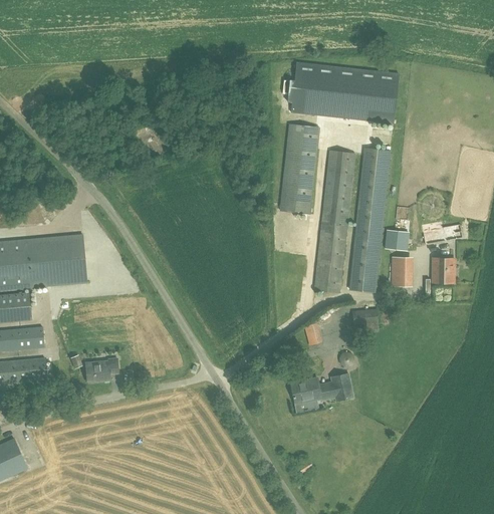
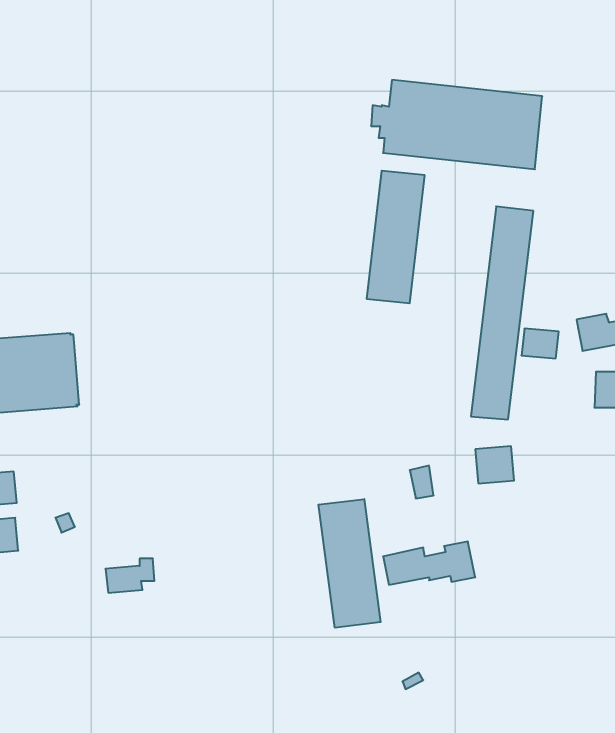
building: [315,151,356,292] -> none
building: [393,257,410,286] -> none
building: none -> [318,499,381,628]
building: [85,358,118,381] -> [105,559,154,593]

